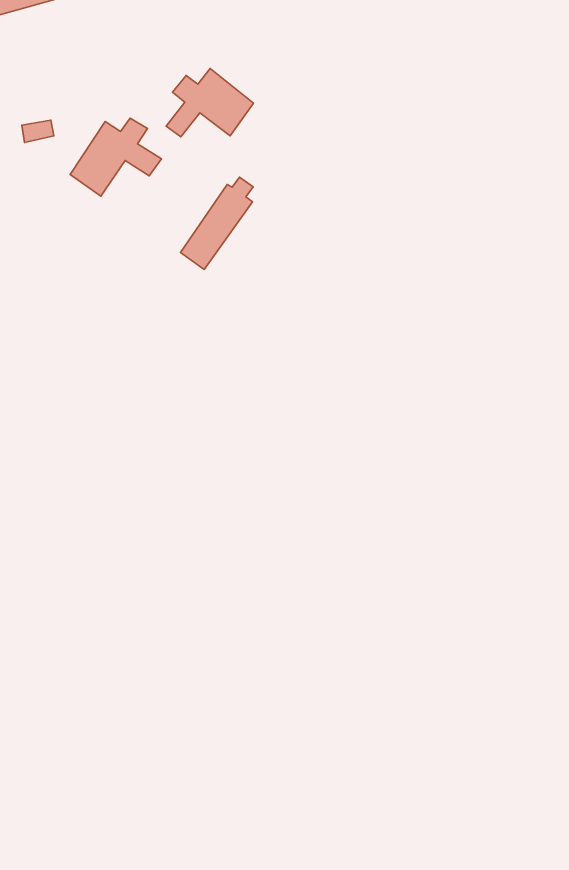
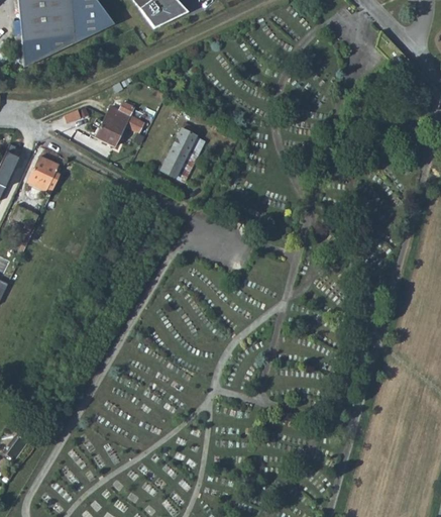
building: [166,69,253,137] -> none

